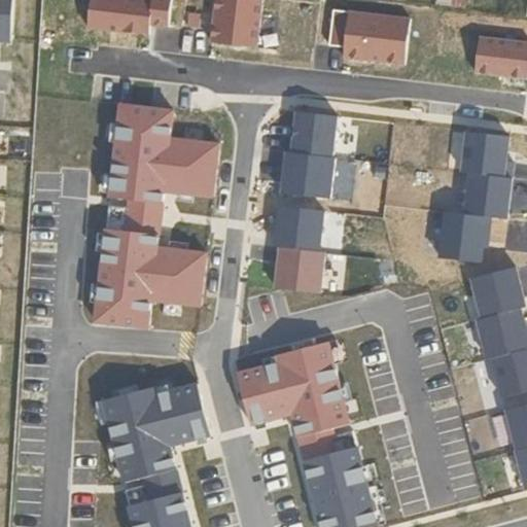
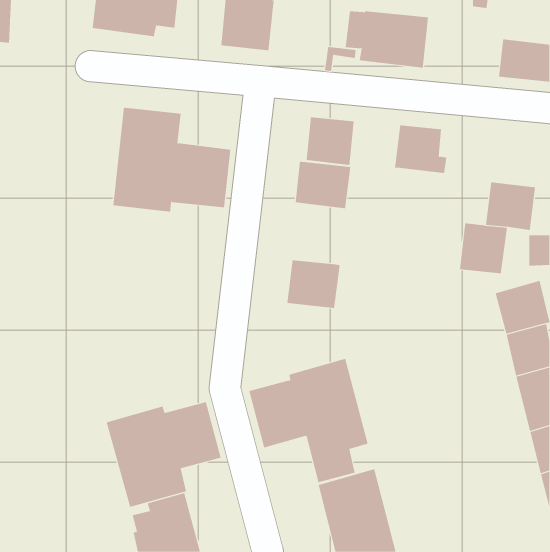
building: [462,132,513,178] -> [394,125,447,174]
building: [92,199,208,329] -> none
building: [274,206,324,251] -> none

